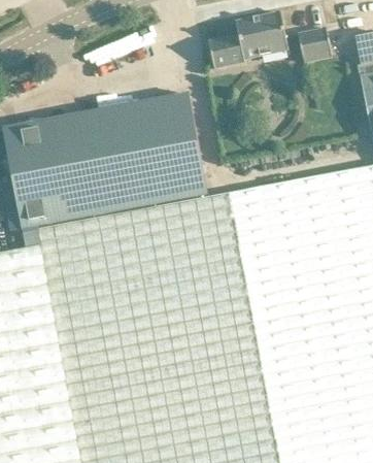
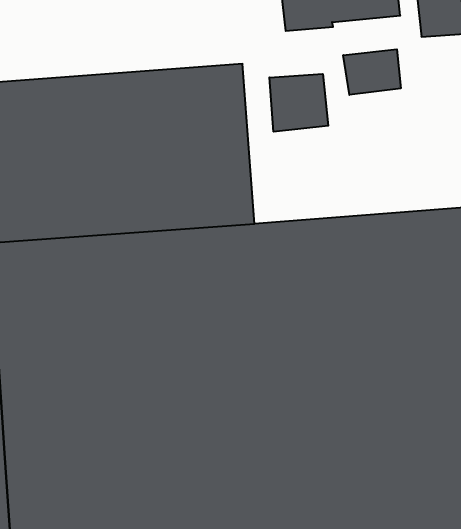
building: none -> [343,49,401,95]
building: none -> [269,74,328,132]

